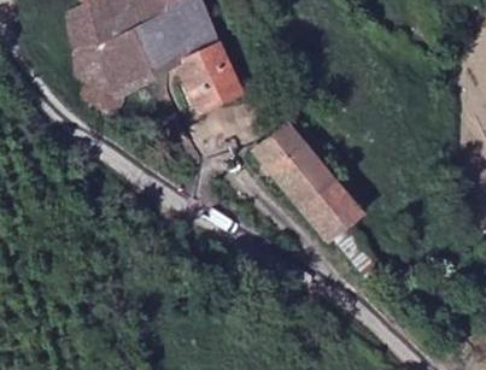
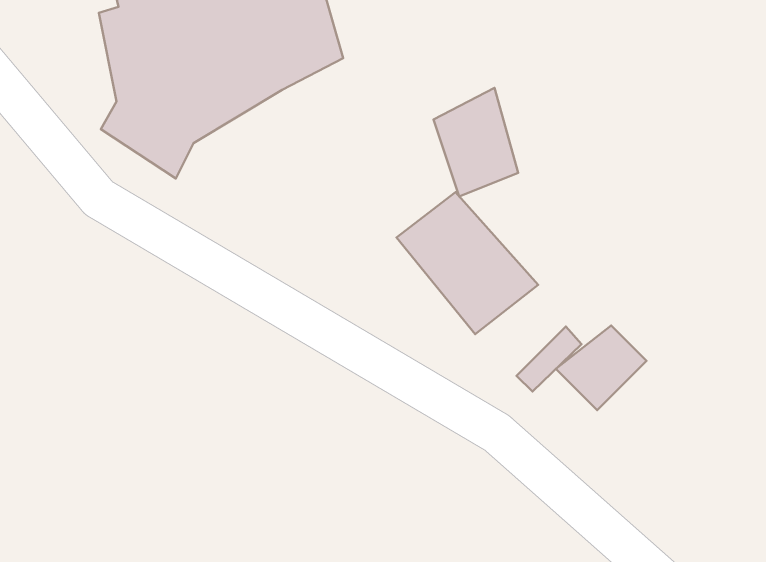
building: [180,39,232,105] -> [433,88,518,196]
building: [298,181,353,233] -> [556,325,646,410]

